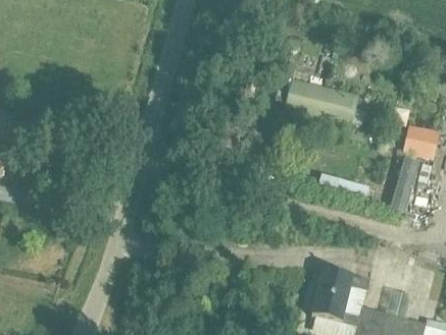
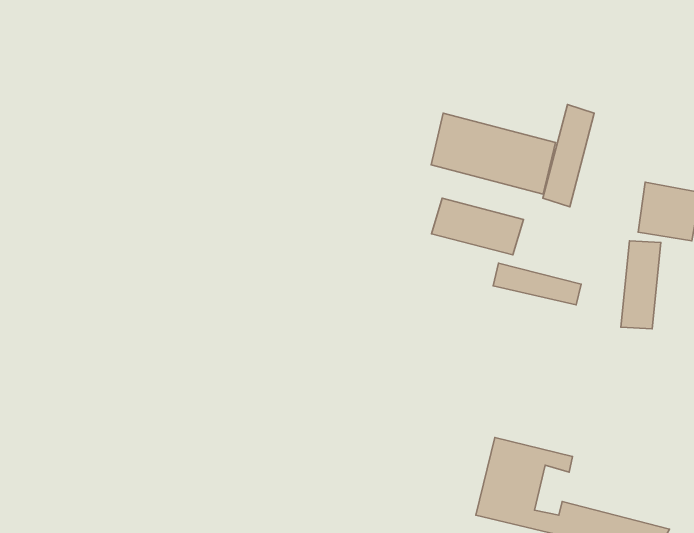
building: none -> [543,105,594,207]
building: none -> [431,198,524,255]

